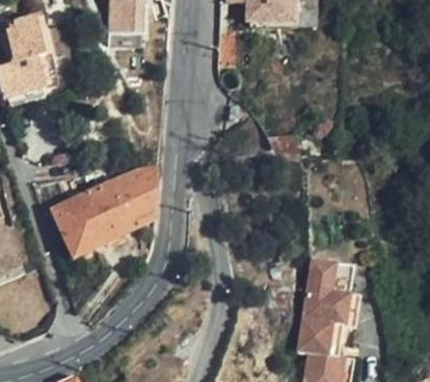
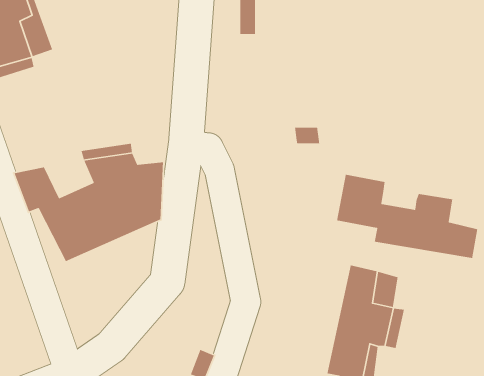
building: none -> [336,174,478,259]

